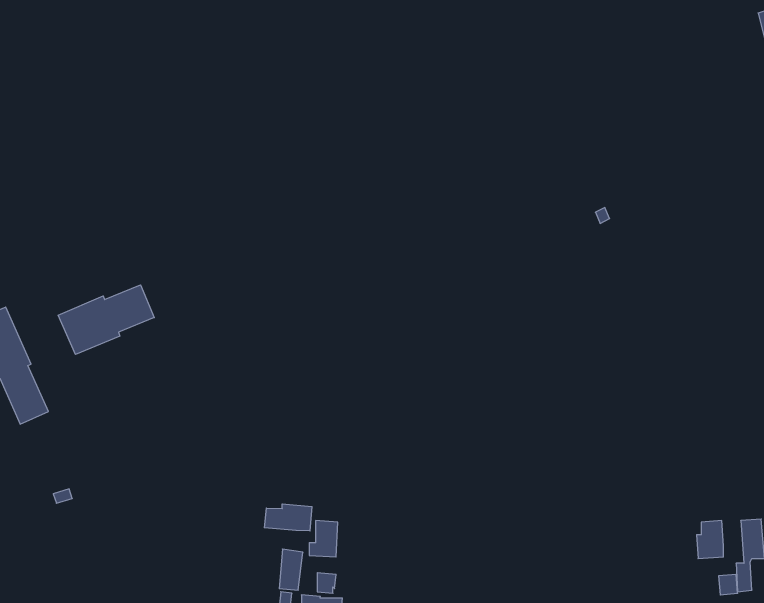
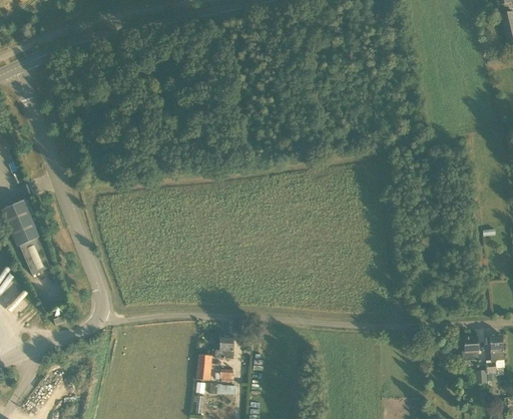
building: [58,285,154,354] -> none
building: [264,504,312,531] -> none

